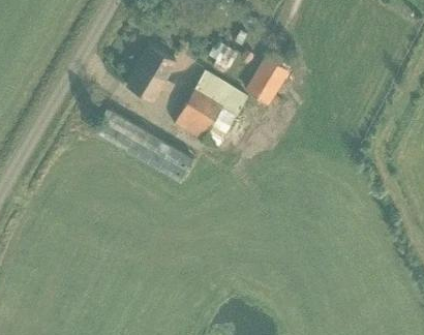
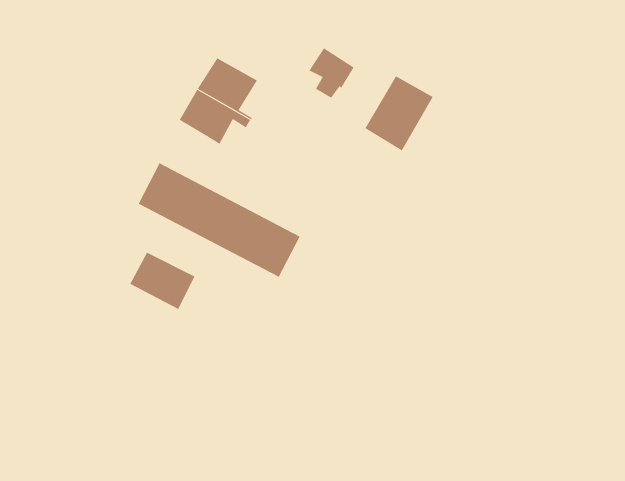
building: [173,69,247,146] -> none
building: none -> [130,252,195,310]

